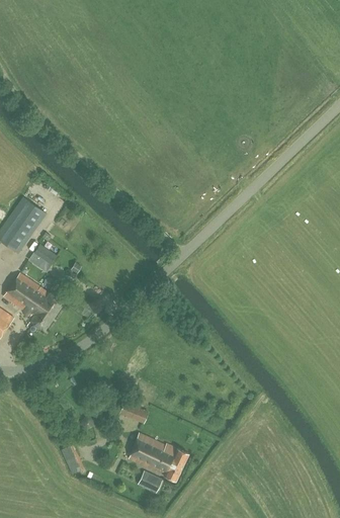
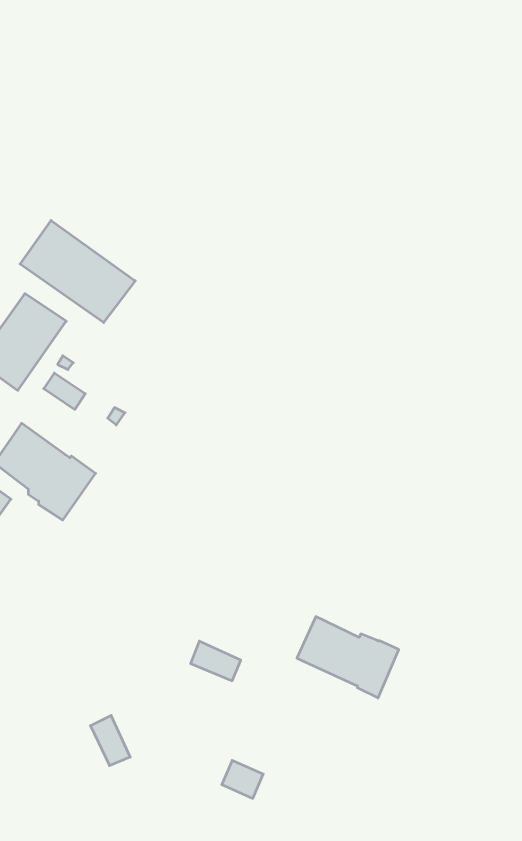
building: none -> [20,220,135,323]
building: [127,433,187,481] -> [297,617,399,698]

